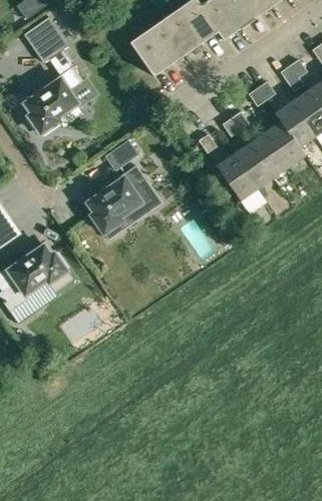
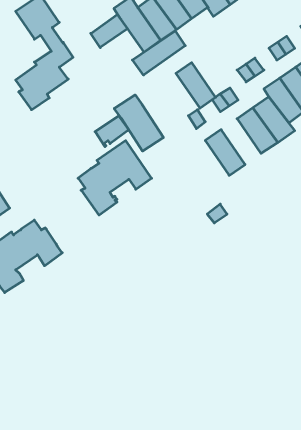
building: none -> [91,15,128,48]
building: none -> [132,31,185,75]
building: none -> [114,95,163,151]
building: [232,143,272,189] -> [176,63,216,108]

